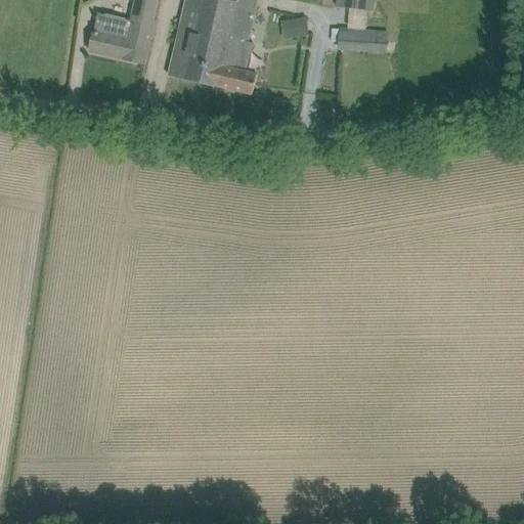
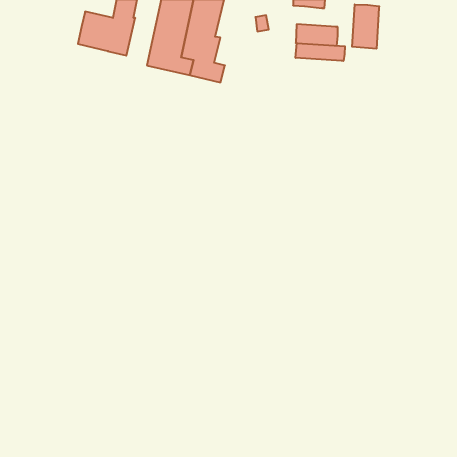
building: none -> [352,4,379,49]
building: none -> [296,43,345,61]

